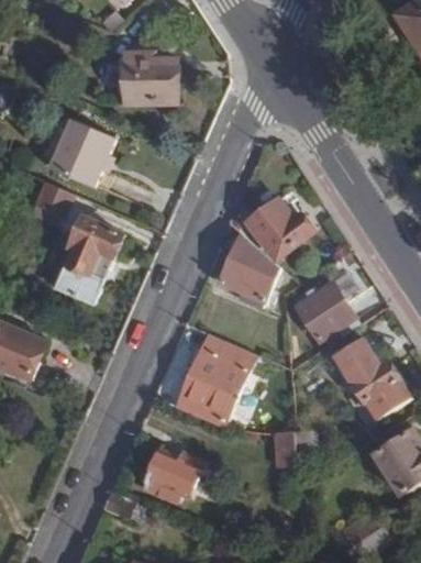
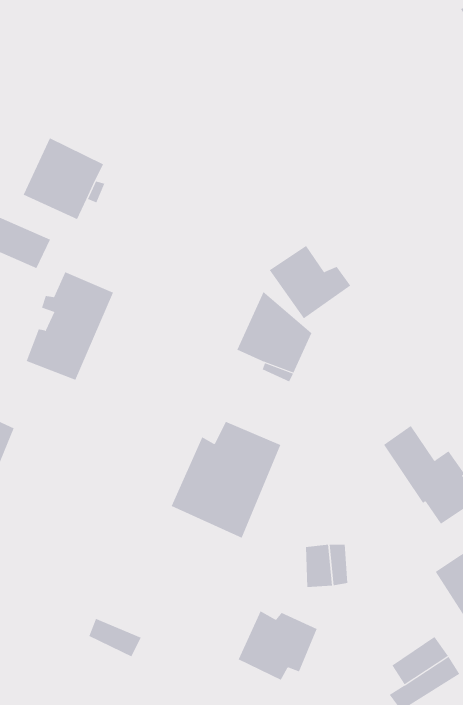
building: [103,53,179,104] -> none
building: [296,277,352,341] -> none
building: [143,449,206,504] -> [238,611,318,680]

